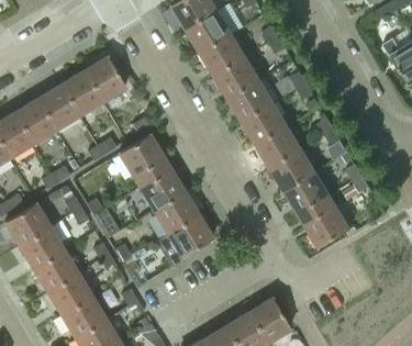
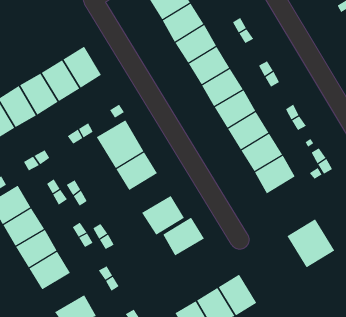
building: [153,191,198,233] -> [162,217,205,256]
building: [299,194,350,247] -> [286,218,335,268]
building: [60,297,105,338] -> none

